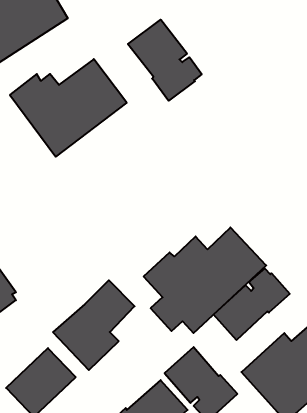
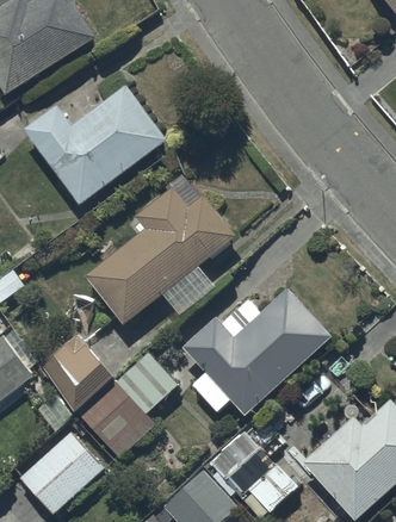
building: [128,20,202,101] -> none
building: none -> [87,175,236,324]
building: none -> [43,333,115,414]
building: [214,268,290,340] -> none

